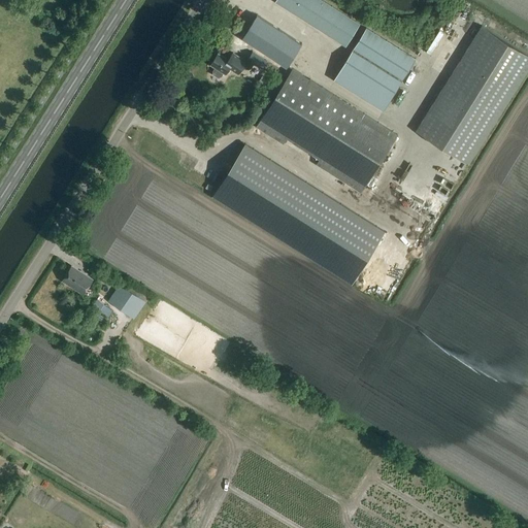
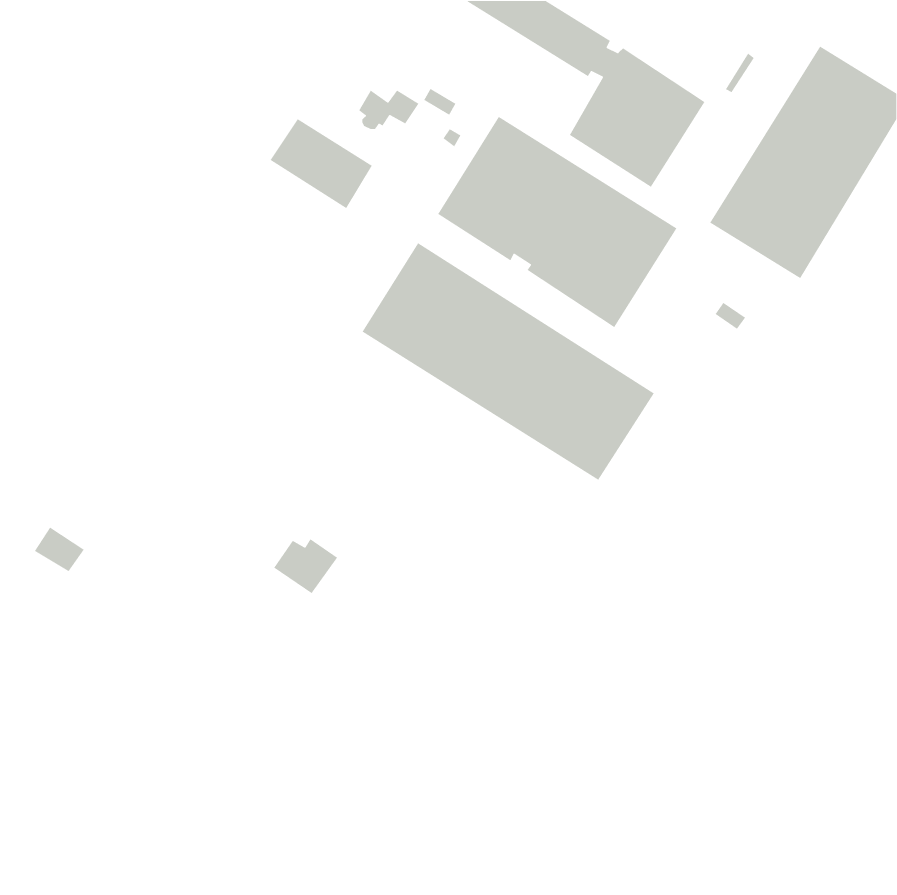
building: [241,15,302,69] -> [269,118,373,209]
building: [62,267,92,294] -> [34,527,85,572]
building: [109,285,147,318] -> [273,538,338,594]

